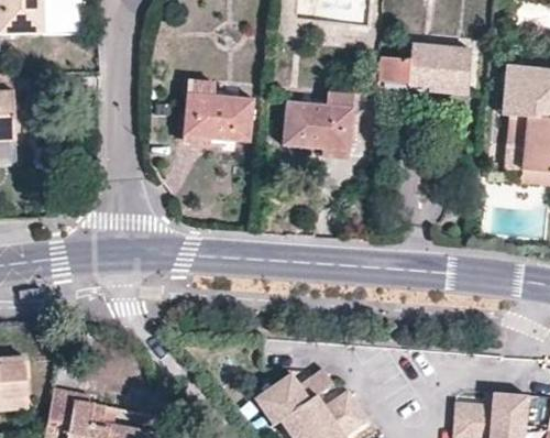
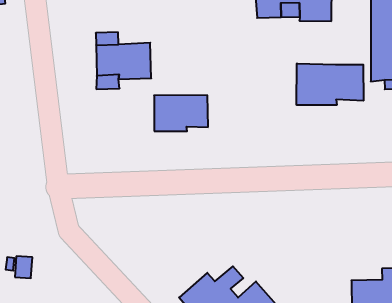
building: [285,101,352,147] -> [154,95,208,131]
building: none -> [297,63,363,105]

